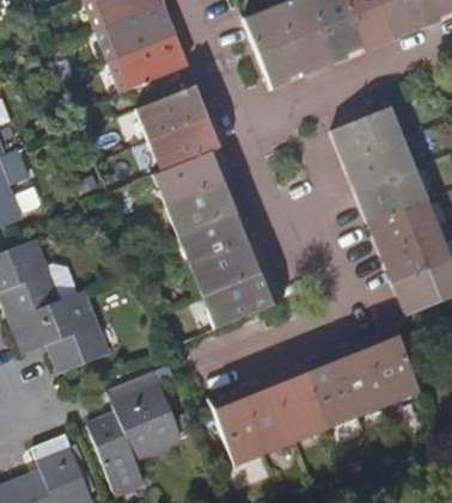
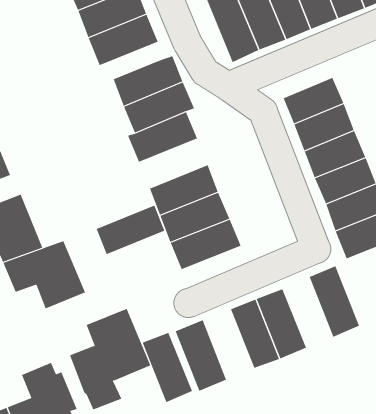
building: [166,177,246,234] -> [96,205,165,255]
building: [332,336,390,417] -> none
building: [240,373,299,454] -> [142,332,193,403]

